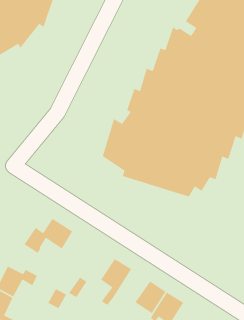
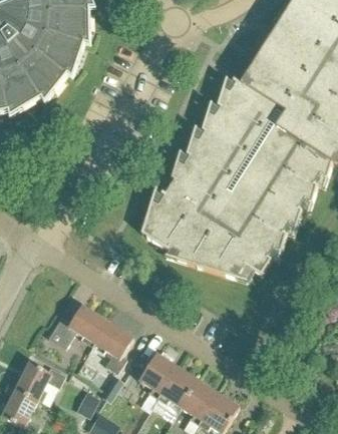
building: none -> [92,322,134,374]
building: none -> [157,367,199,407]

